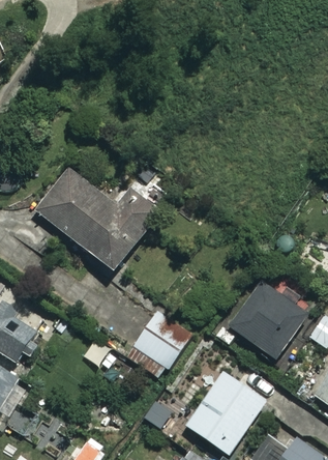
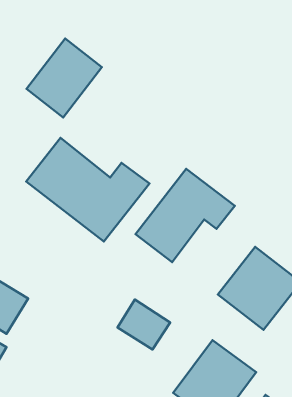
building: none -> [26,39,102,118]
building: none -> [135,169,235,262]

